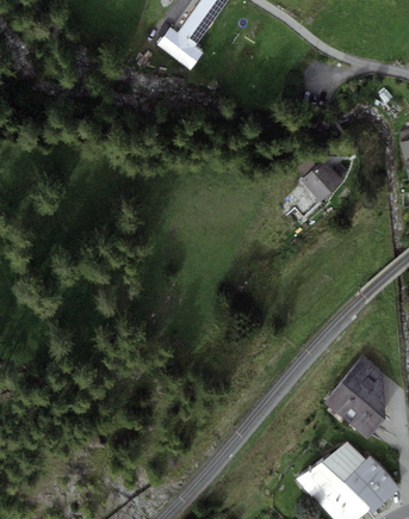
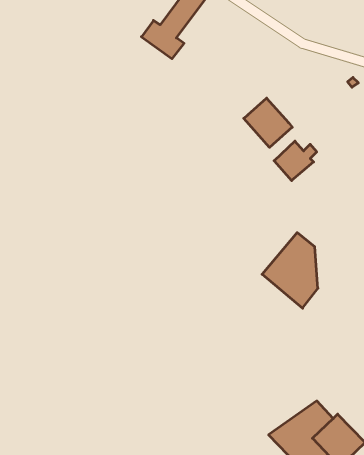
building: none -> [244,98,292,147]
building: [323,357,384,439] -> [262,233,318,308]

